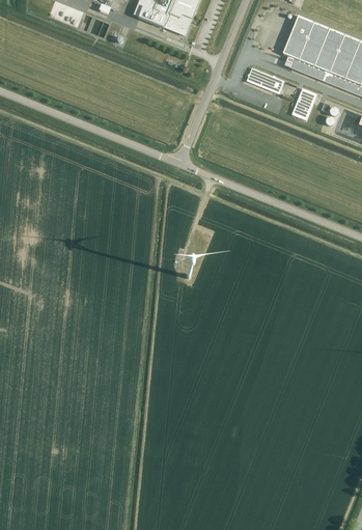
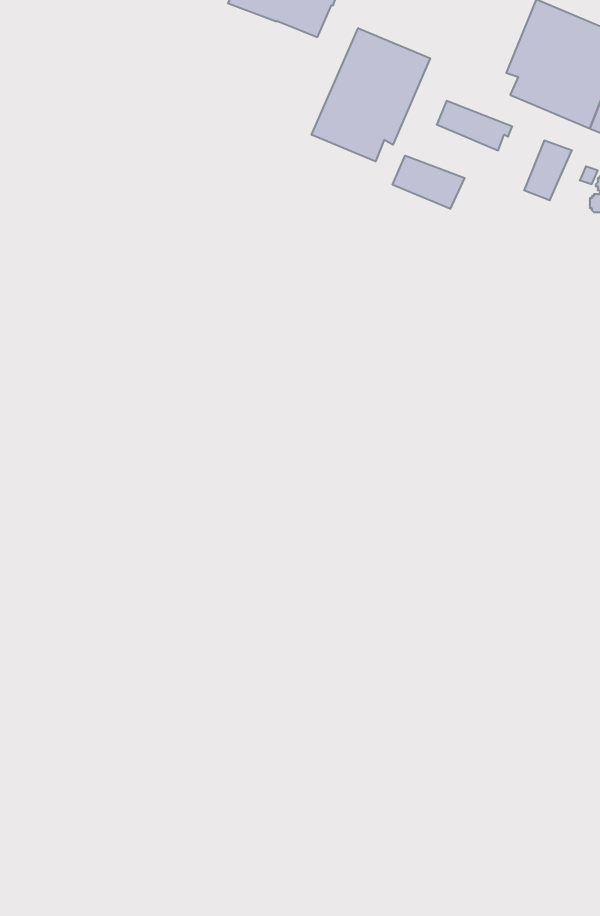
building: none -> [312,28,430,161]
building: none -> [393,156,465,209]

